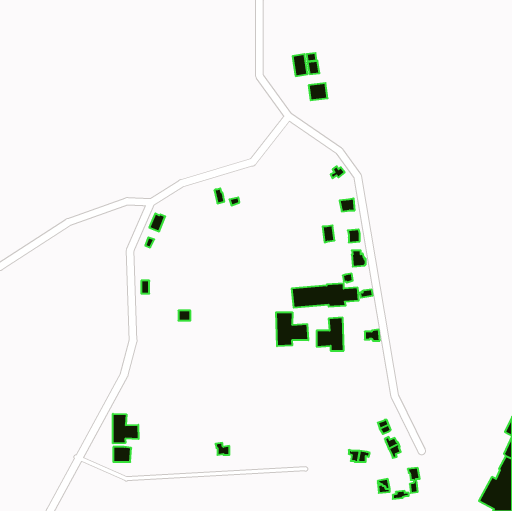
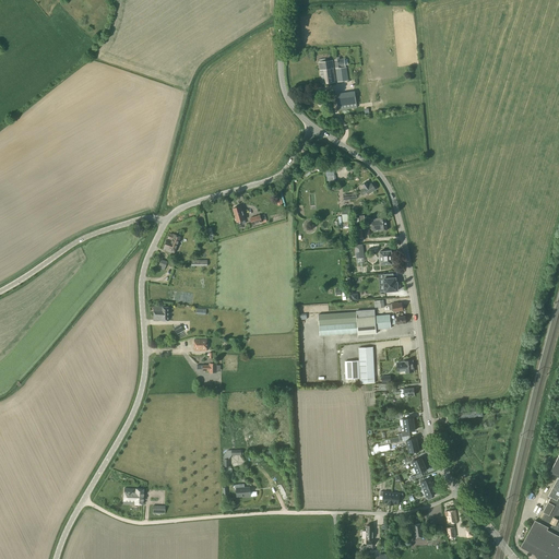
building: [276,312,308,346] -> none
building: [113,414,139,443] -> none

